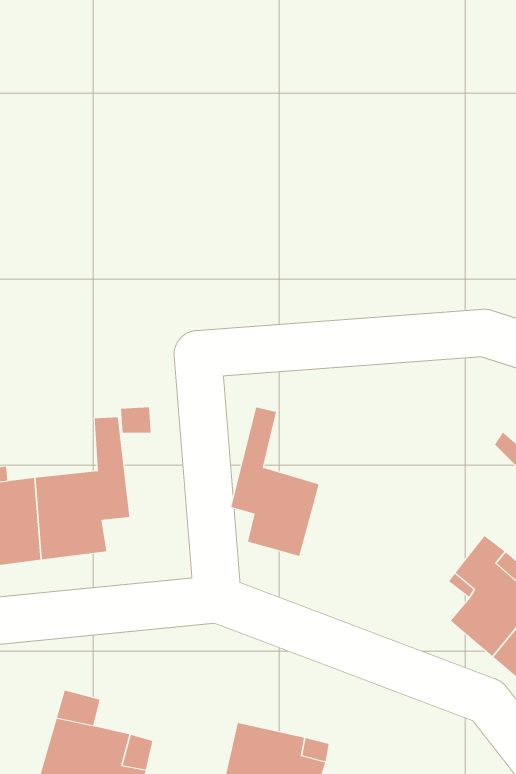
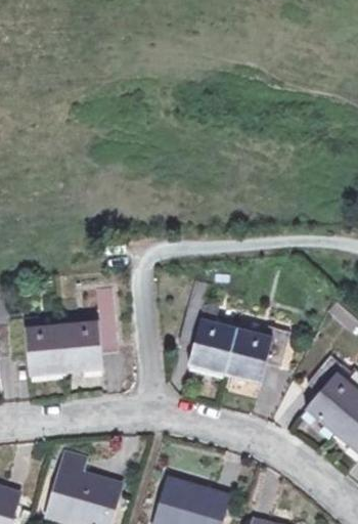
building: none -> [214,326,282,382]

